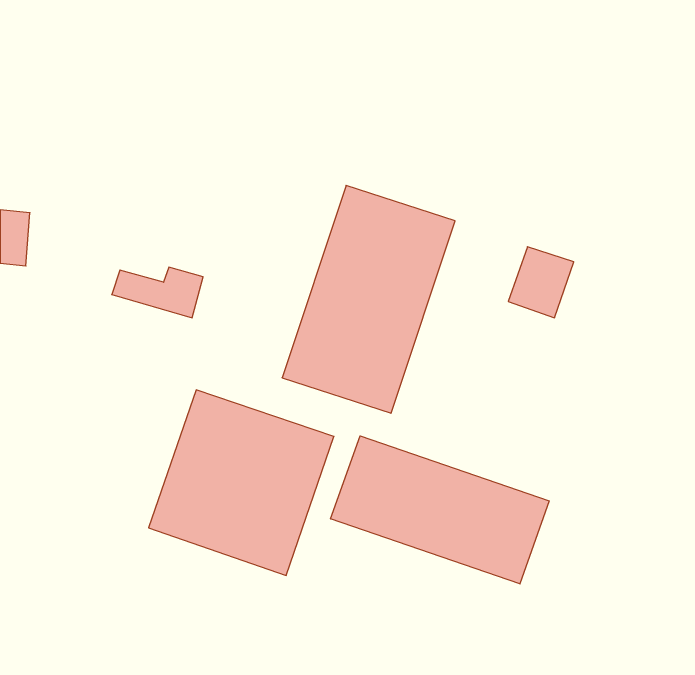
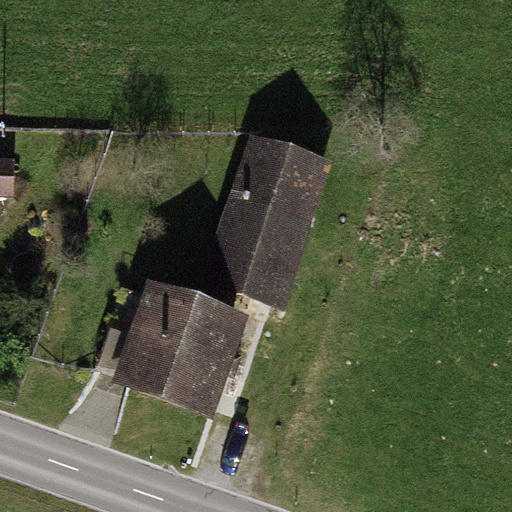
building: [331,436,549,584] -> none

